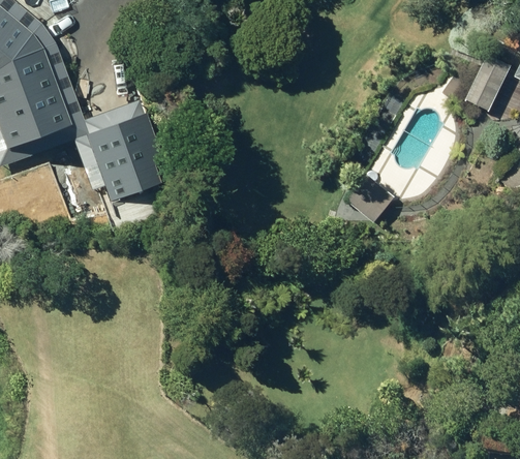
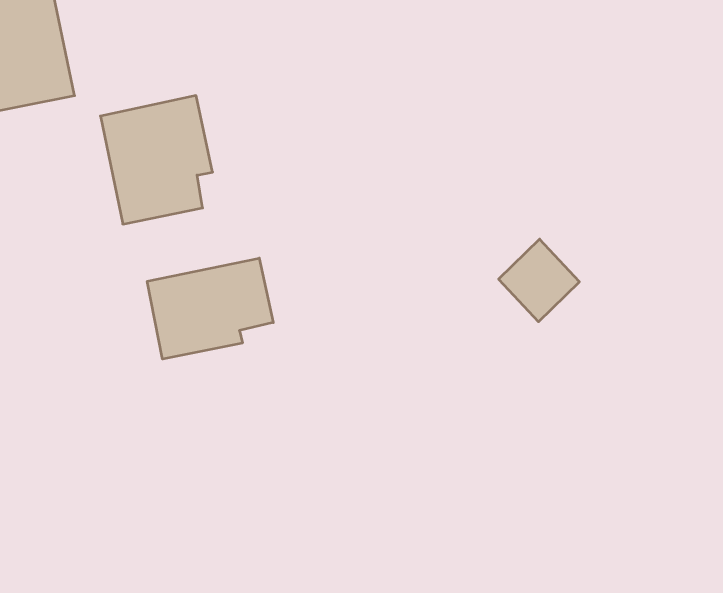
building: none -> [147,258,273,359]

